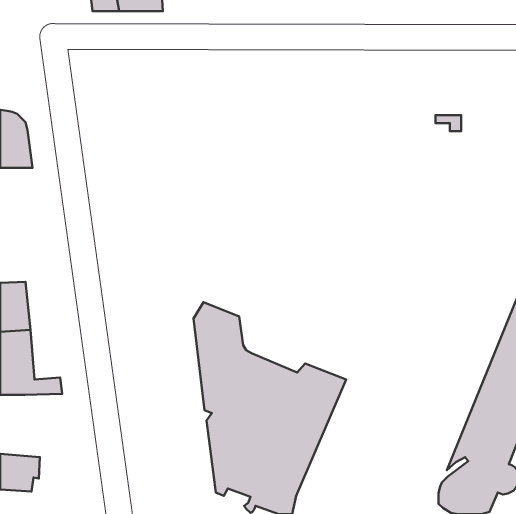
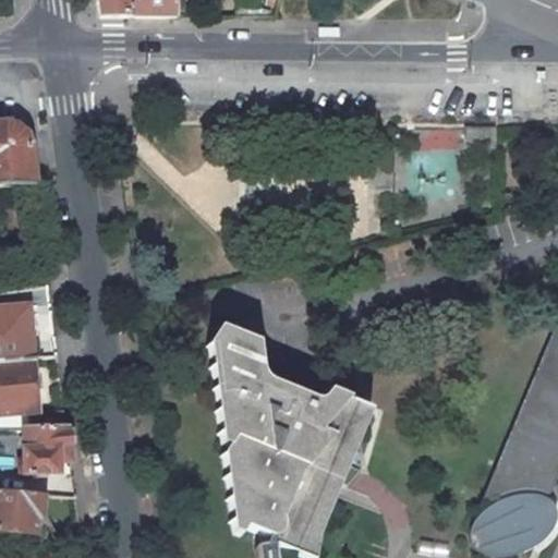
building: none -> [27,422,75,469]

